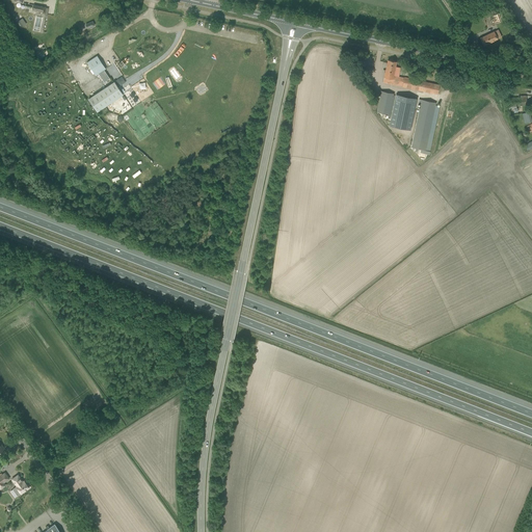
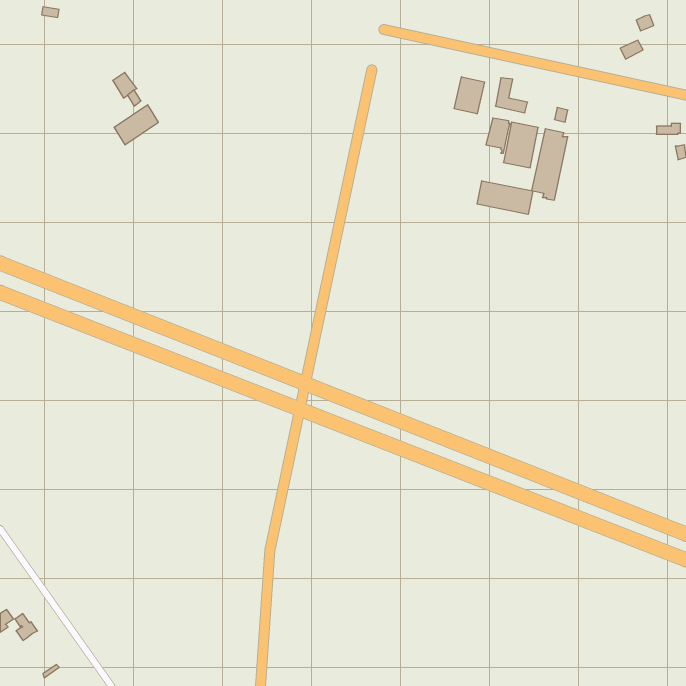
building: none -> [454,77,484,114]
building: none -> [477,181,533,214]

